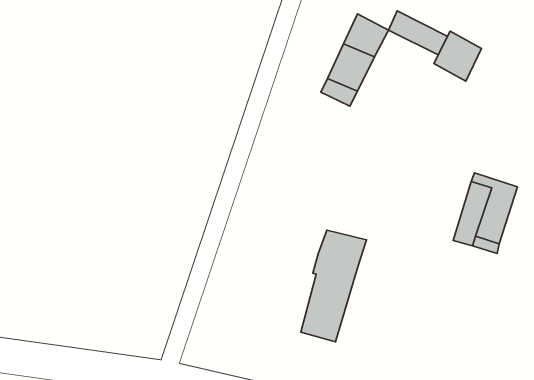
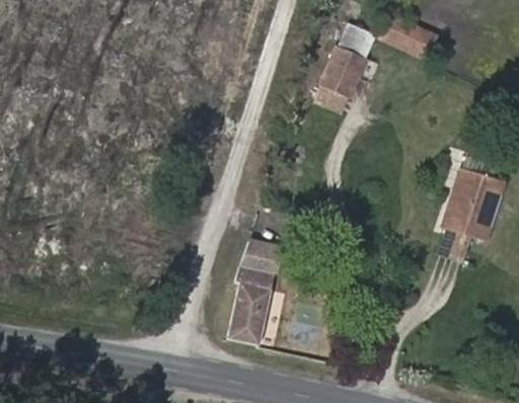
building: [434,31,481,81] -> none
building: [301,230,366,342] -> [226,238,288,343]

